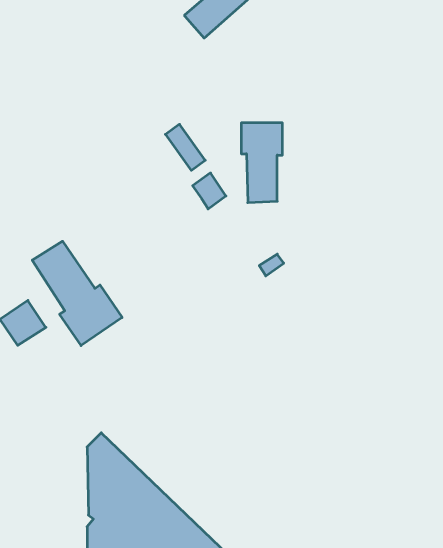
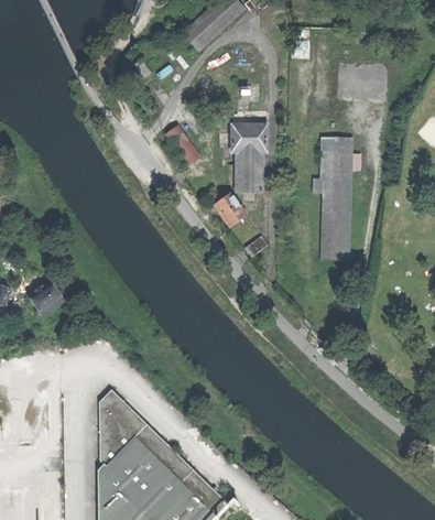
building: none -> [314,137,352,258]
building: [193,173,226,209] -> [215,194,243,225]
building: [32,241,122,346] -> none

